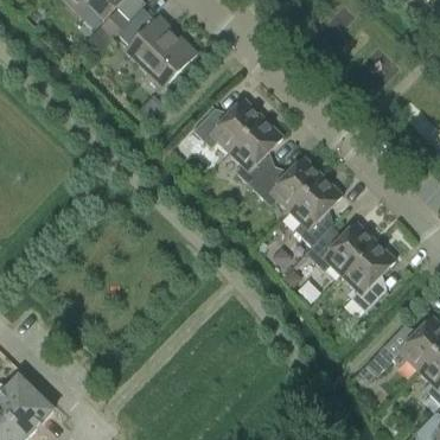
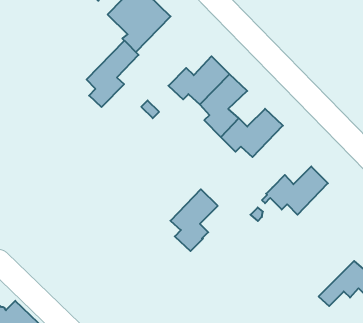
building: none -> [87,41,139,107]
building: [288,176,342,245] -> [170,189,218,251]
building: [339,241,394,312] -> none

